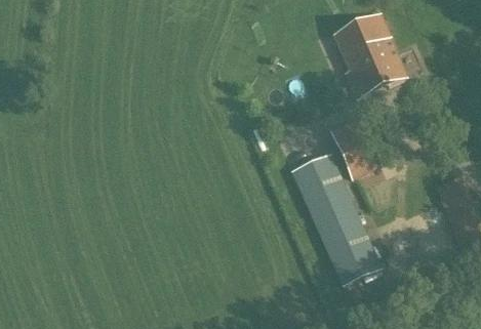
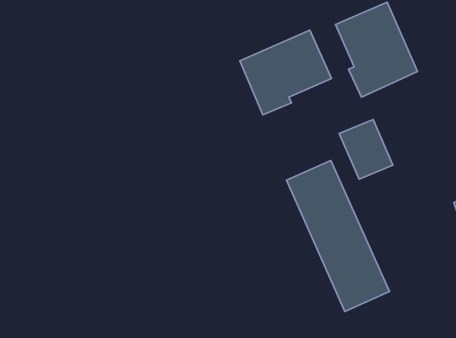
building: none -> [240,30,332,115]

